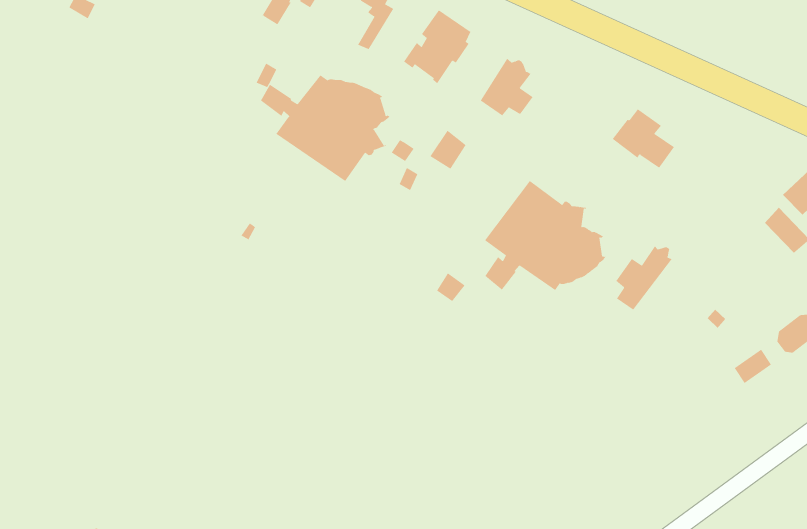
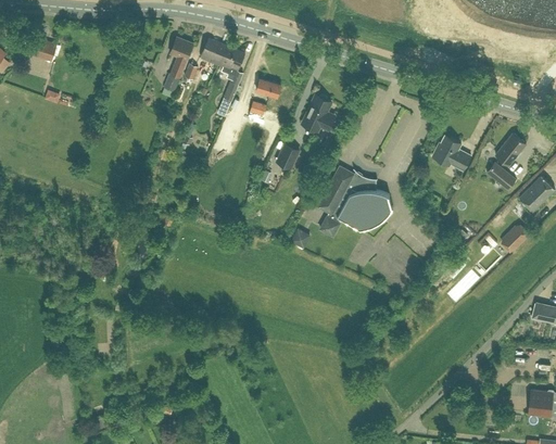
building: [260,74,390,182] -> none
building: [612,108,675,168] -> [431,135,470,169]
building: [616,246,673,310] -> none

